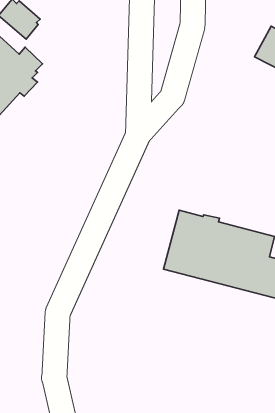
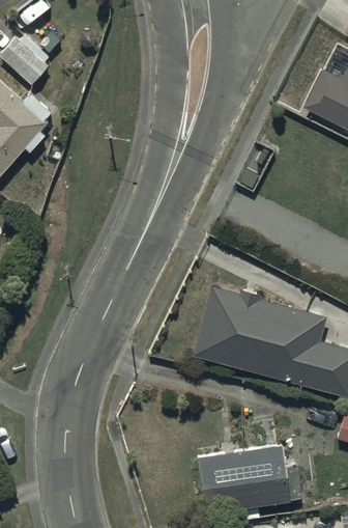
building: none -> [199,443,300,510]

